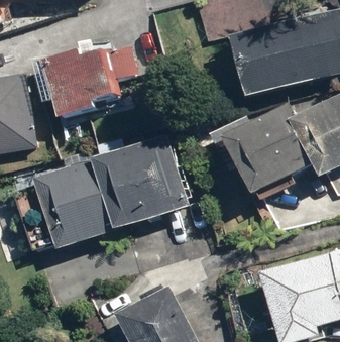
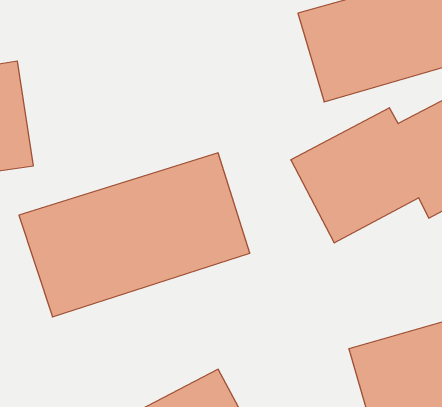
building: [32,48,112,119] -> none

